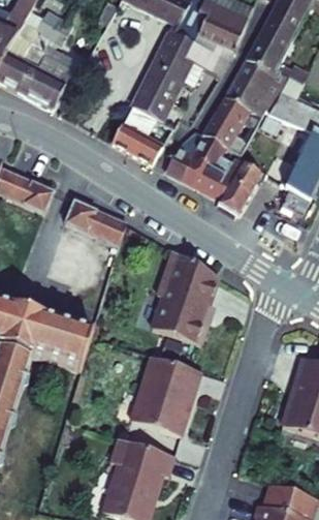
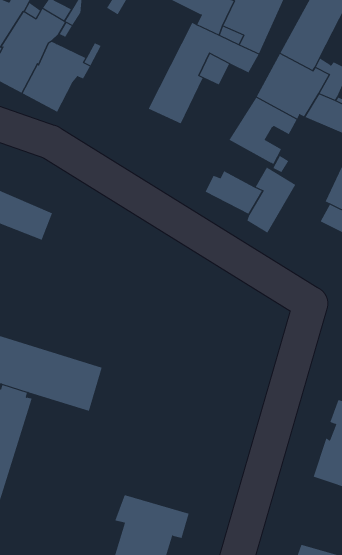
building: [113,101,172,159] -> none
building: [166,124,241,174] -> none
building: [63,200,121,243] -> none
building: [148,243,213,341] -> none
building: [126,355,196,434] -> none

